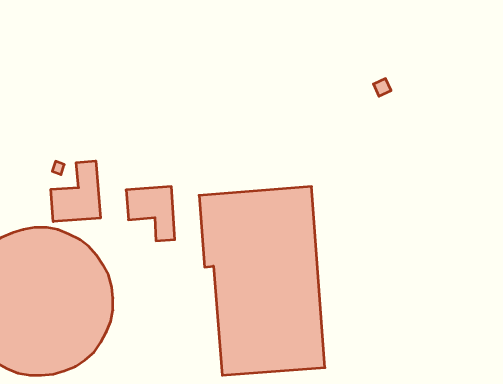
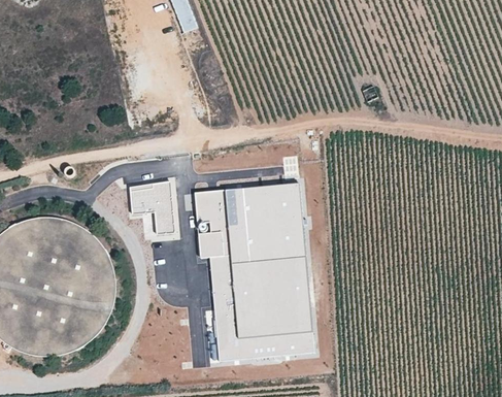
building: [51,161,100,222] -> none

